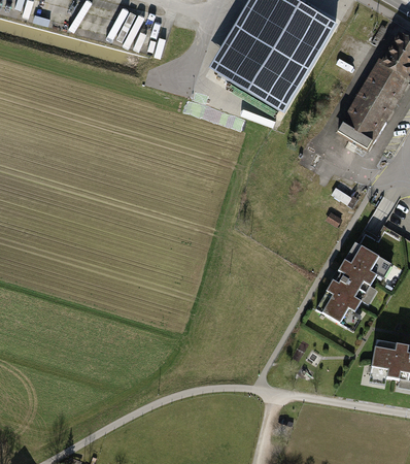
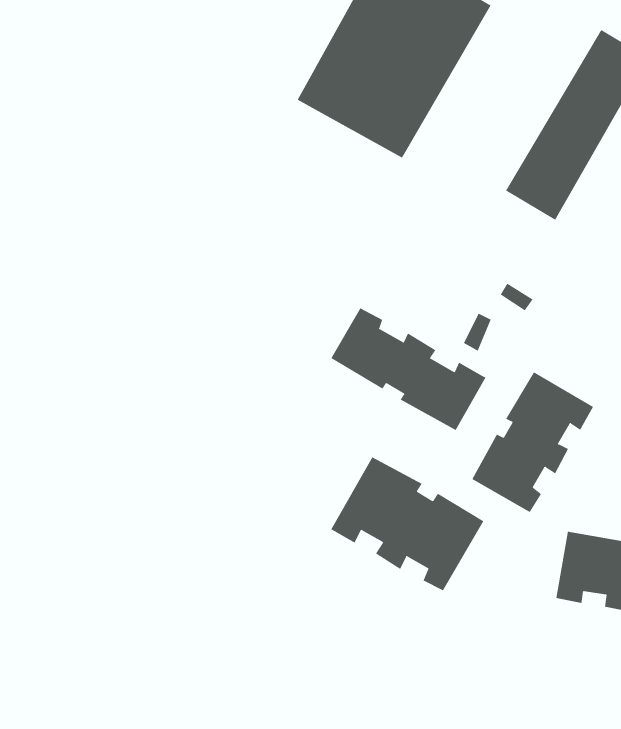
building: none -> [330,307,486,431]
building: none -> [330,456,484,591]

